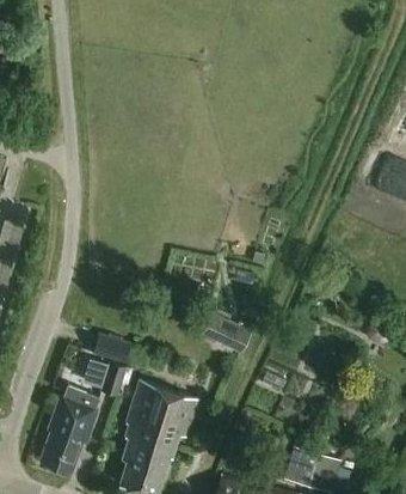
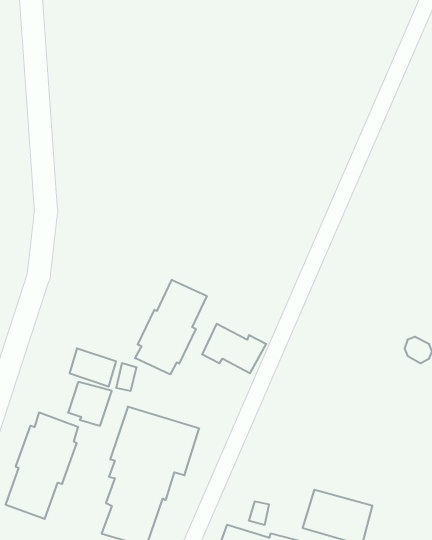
building: none -> [135,280,207,374]

